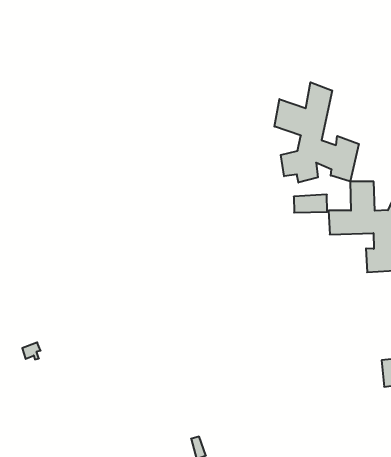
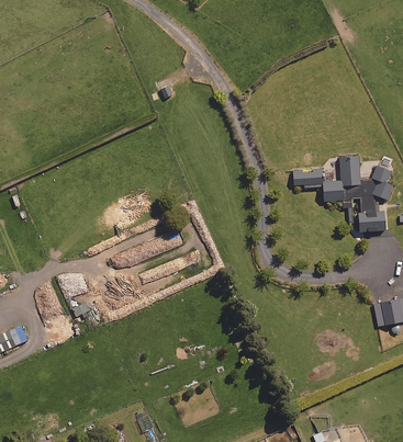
building: [274,82,359,183] -> none

